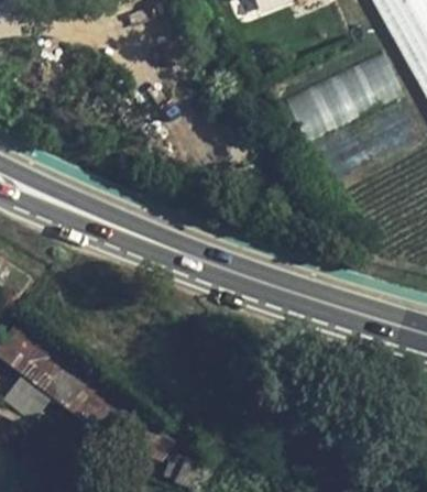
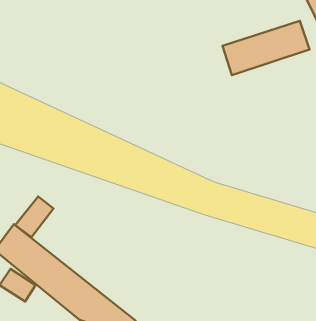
building: none -> [15,196,53,237]

